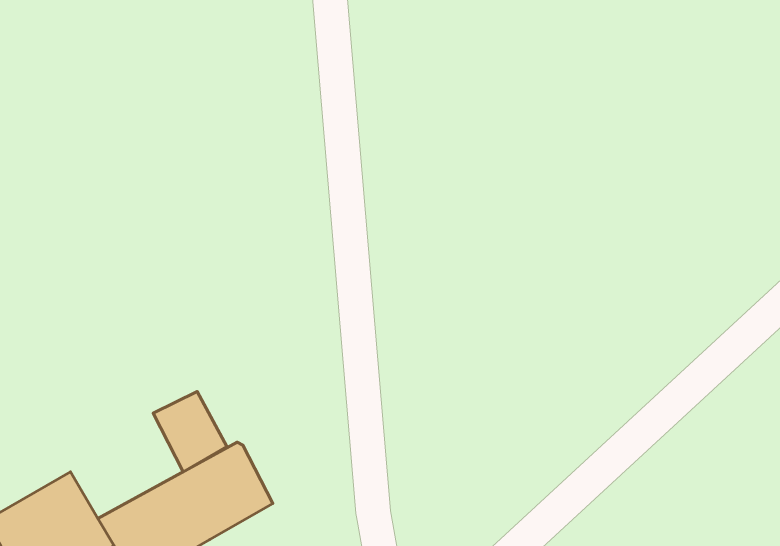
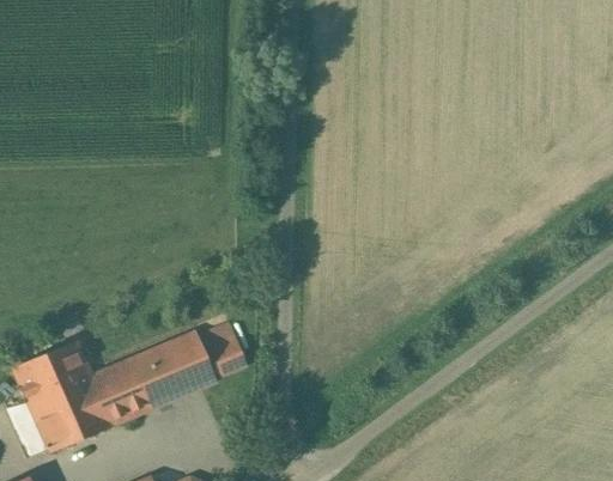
building: [153,391,227,472] -> [198,322,247,377]

